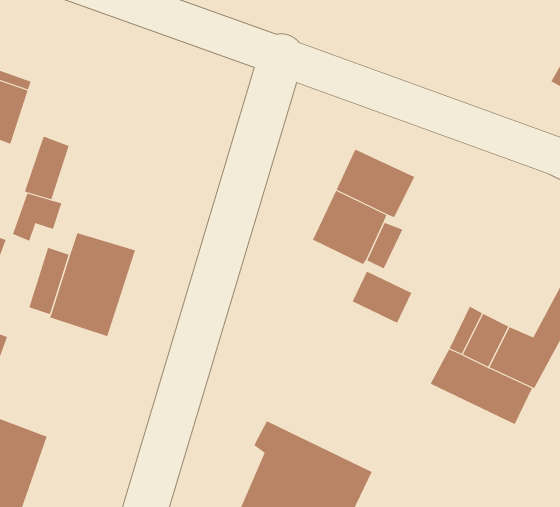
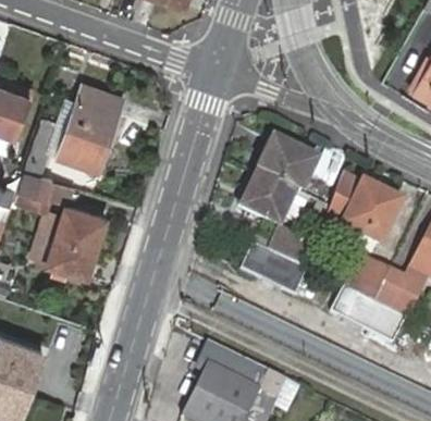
building: none -> [59,83,123,169]
building: none -> [325,173,399,242]
building: none -> [241,244,306,295]

